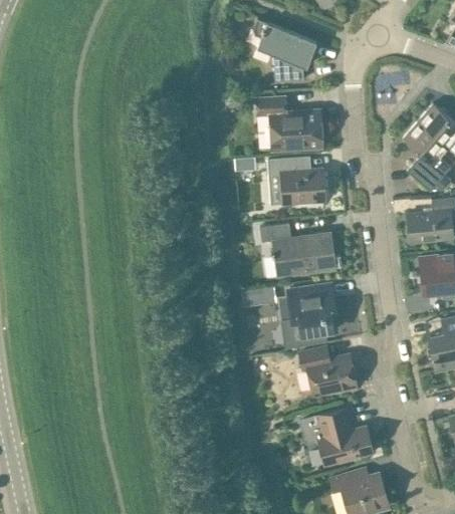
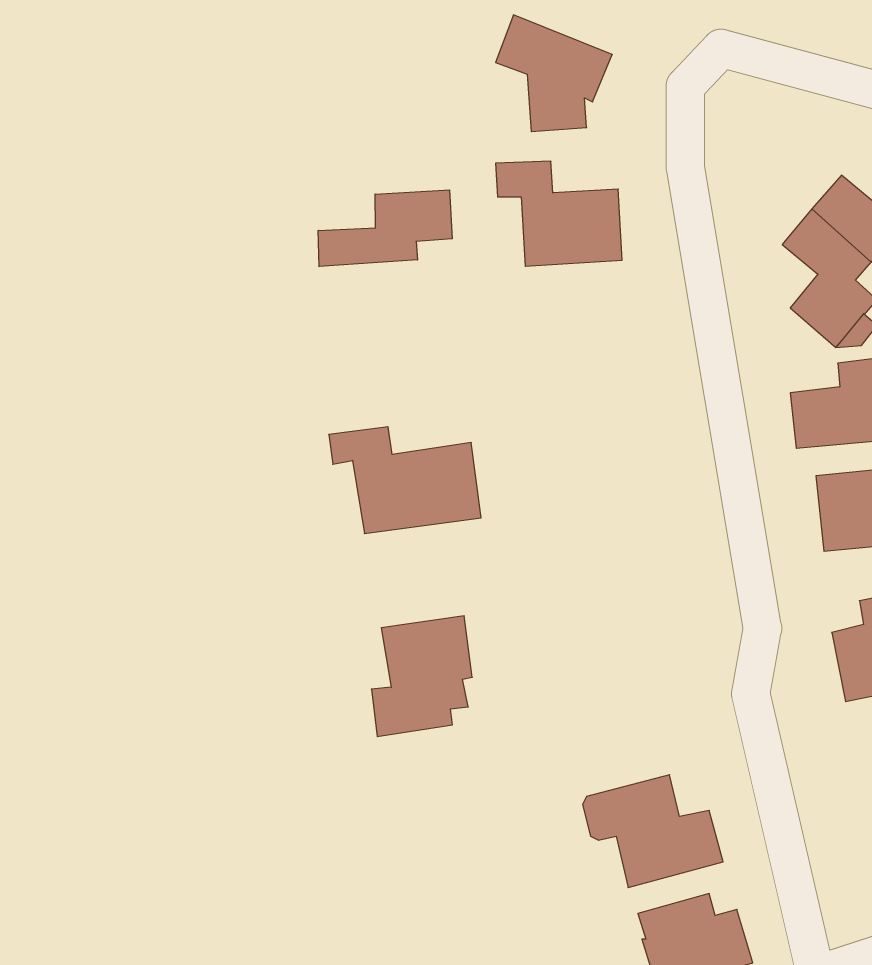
building: none -> [318,190,452,267]
building: [279,159,326,204] -> none
building: [260,224,337,278] -> [329,427,481,534]
building: [284,285,335,346] -> [371,616,472,737]
building: [300,347,358,396] -> none

